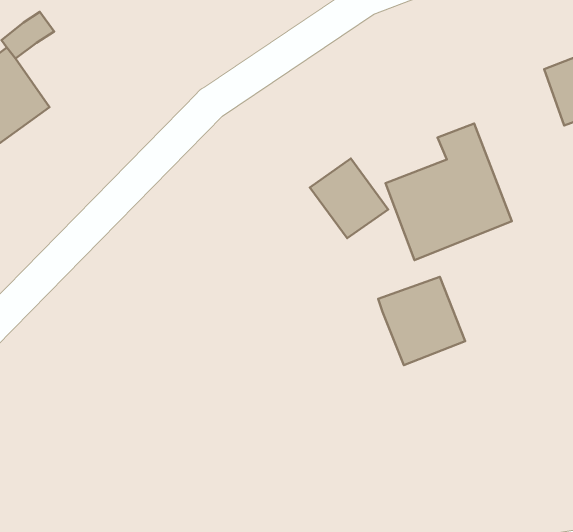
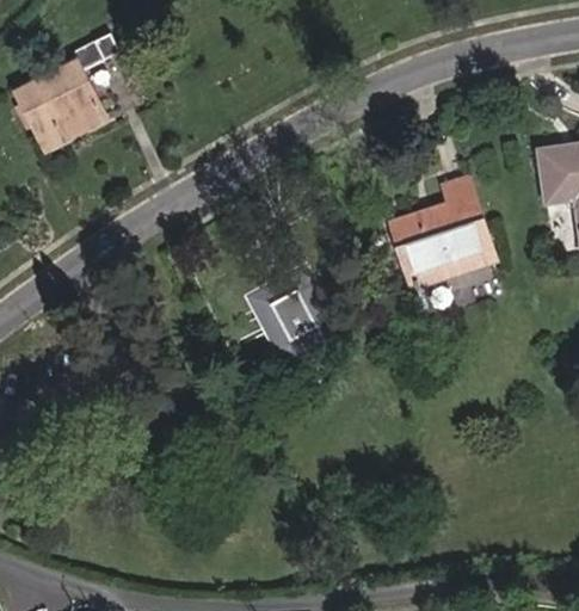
building: [310,159,388,238] -> [253,278,318,346]
building: [378,277,465,365] -> none

